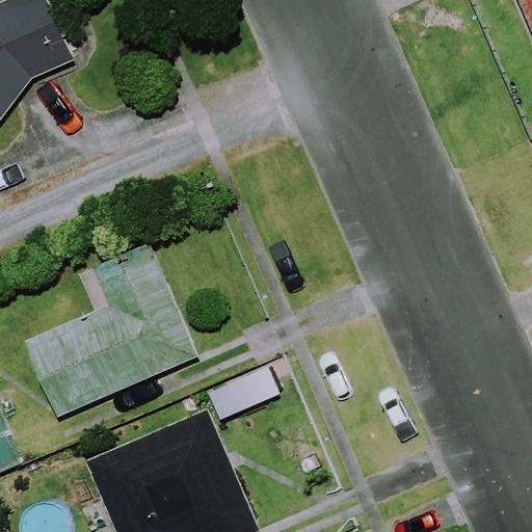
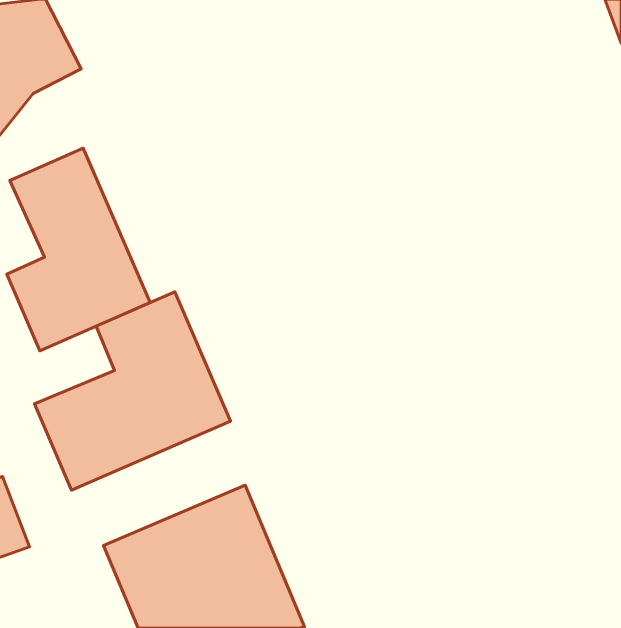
building: none -> [7,148,150,351]

